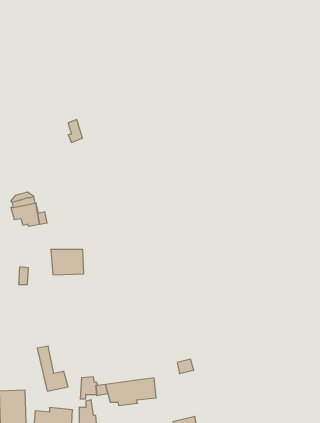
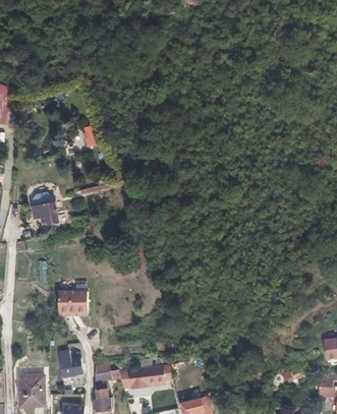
building: [51,250,84,275] -> [56,293,87,316]

